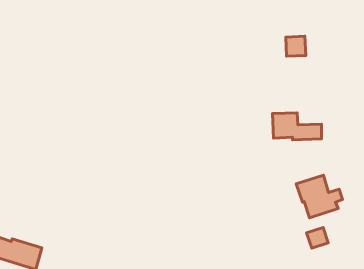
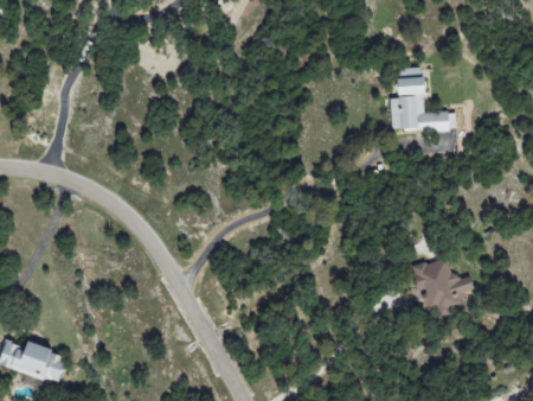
building: [273,113,322,140] -> [390,96,456,133]
building: [307,227,328,248] -> none

